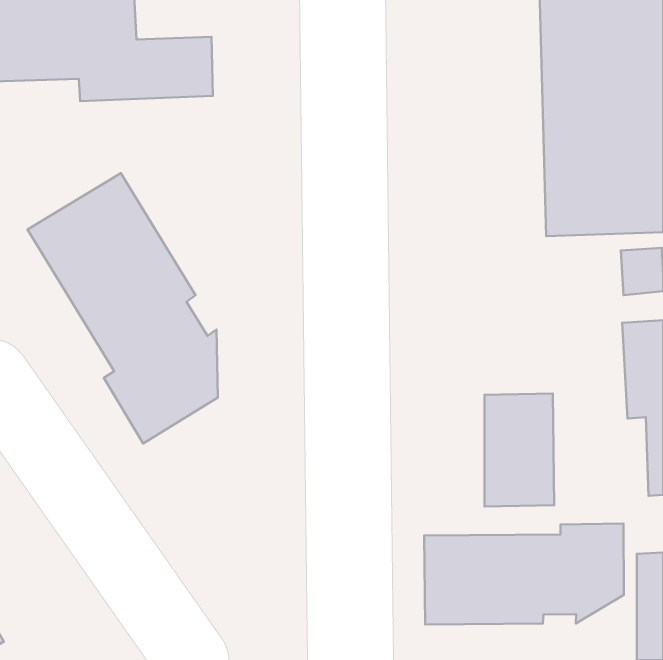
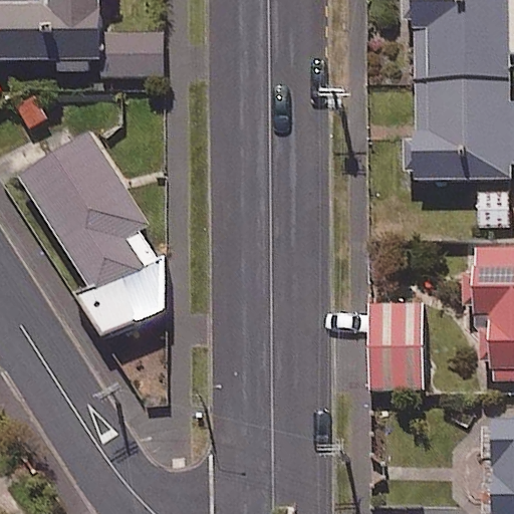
building: [424,523,624,624] -> none

